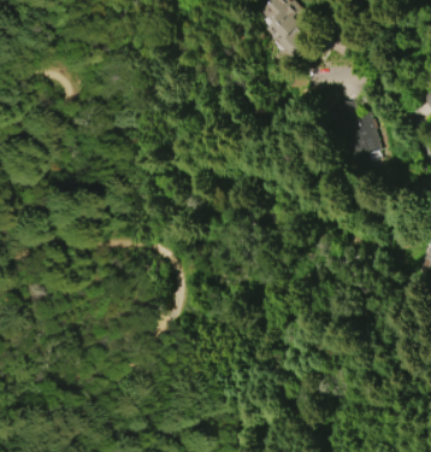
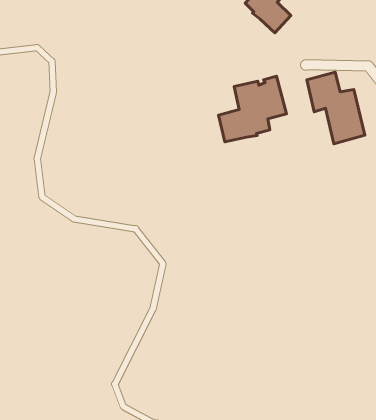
building: none -> [219,76,287,142]

